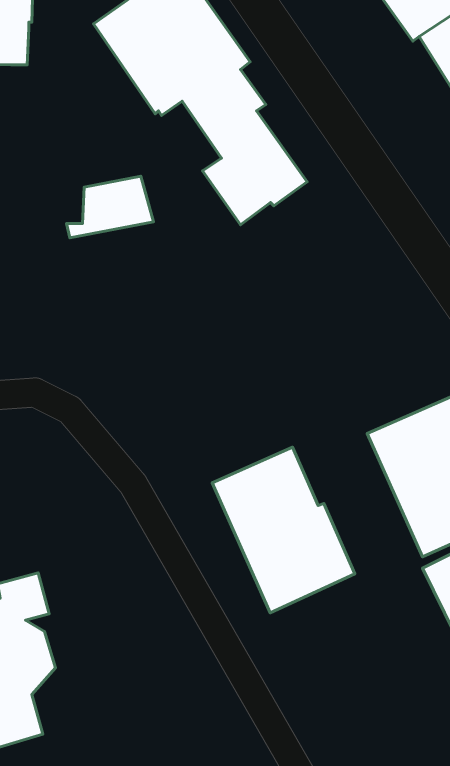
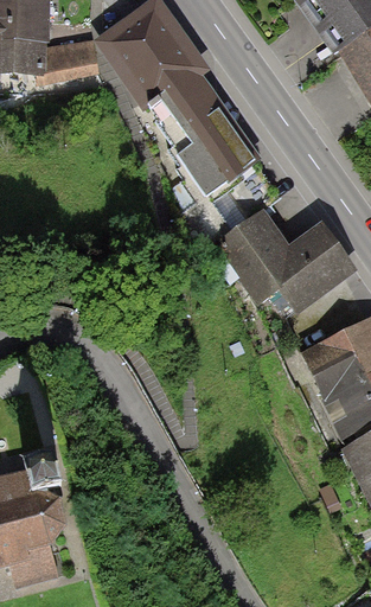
building: [67,176,154,238] -> [33,37,98,83]
building: none -> [216,210,357,312]
building: [212,447,355,613] -> none

